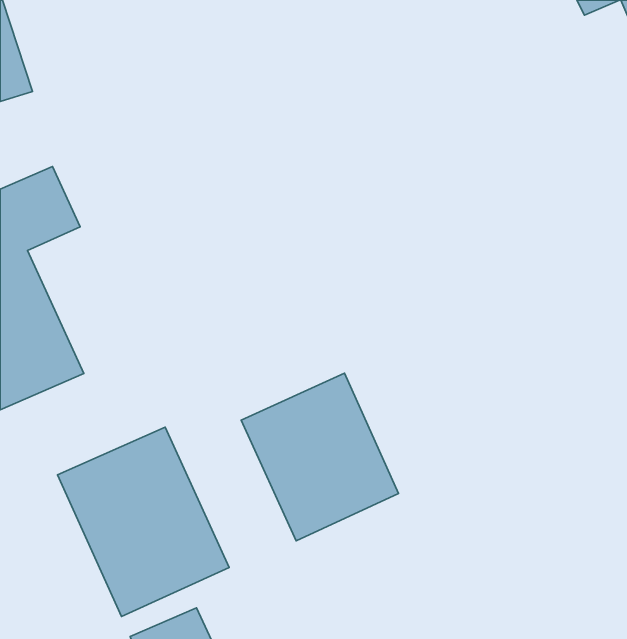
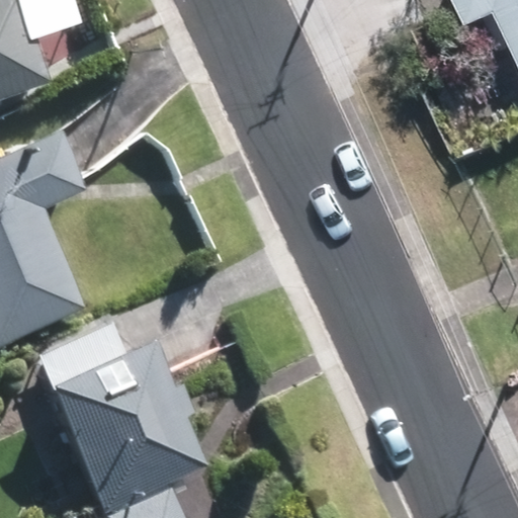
building: [241,373,399,541] -> none

